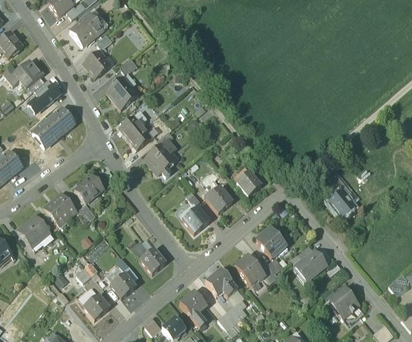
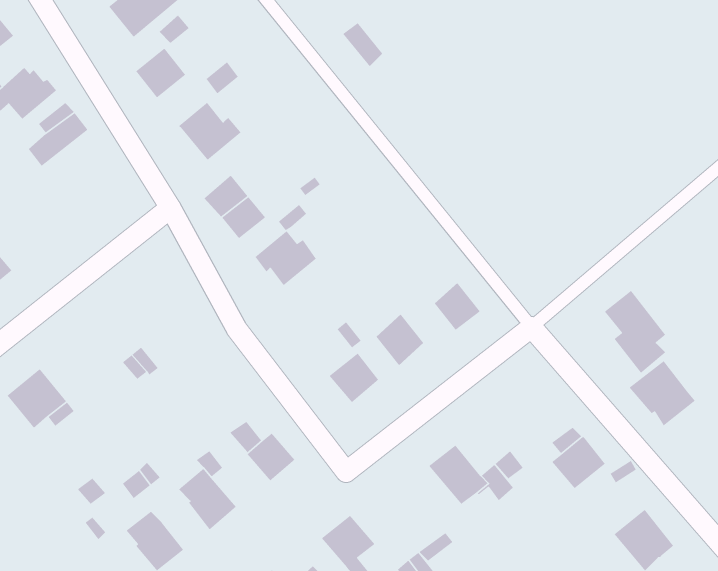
building: [33,108,74,146] -> none
building: [75,175,103,202] -> none
building: [45,194,75,224] -> none
building: none -> [629,360,696,427]
building: [256,227,286,258] -> none
building: [205,268,238,297] -> none

